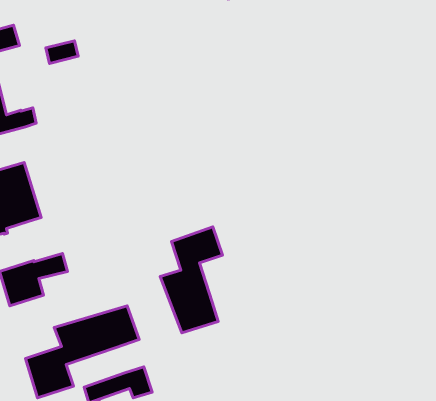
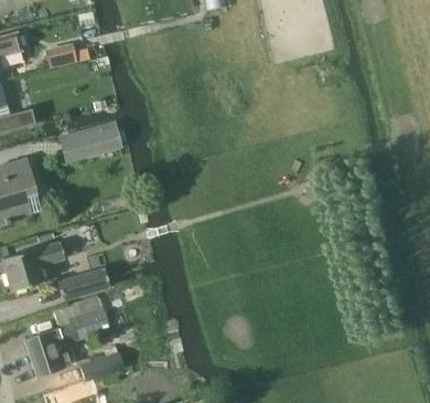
building: none -> [57,121,121,165]
building: [160,227,222,333] -> none
building: none -> [57,267,109,301]

